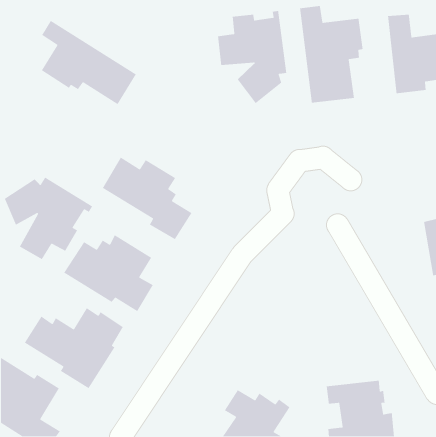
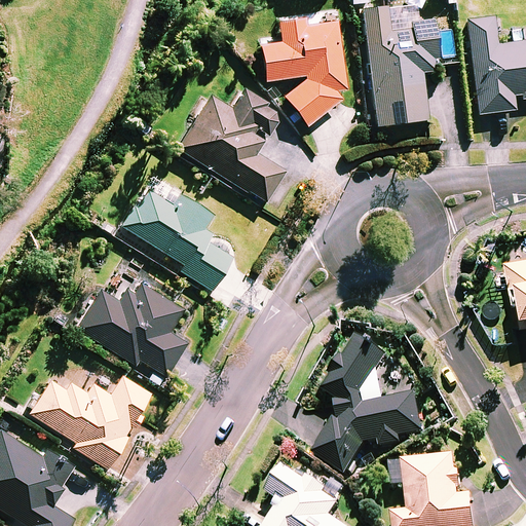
building: [41,20,137,105] -> none
building: none -> [177,80,286,202]
building: [4,177,93,260] -> none
building: none -> [315,336,424,475]

